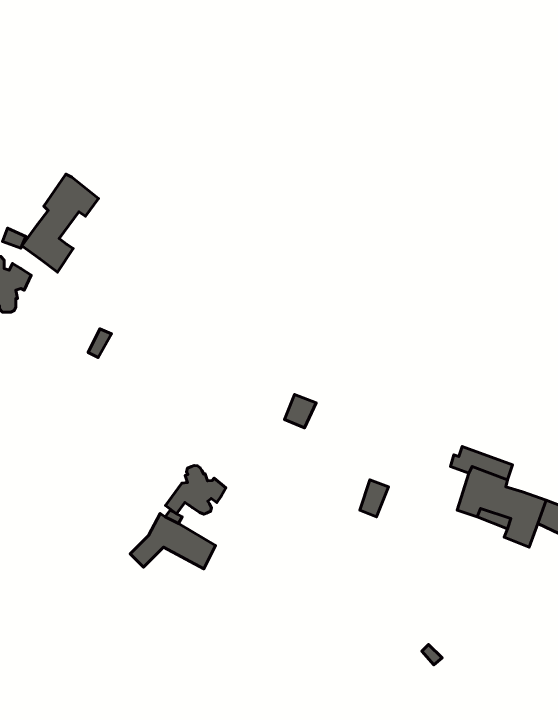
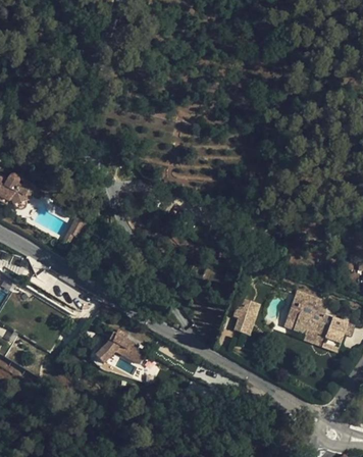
building: [22,174,99,272] -> none
building: [166,466,226,514] -> none

